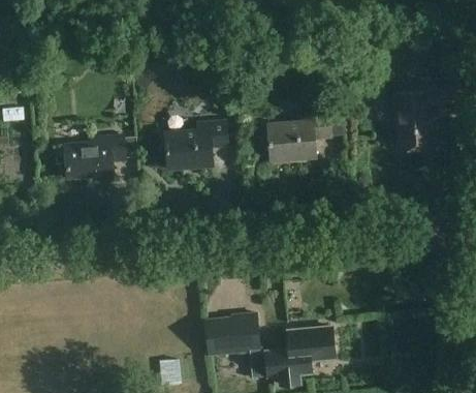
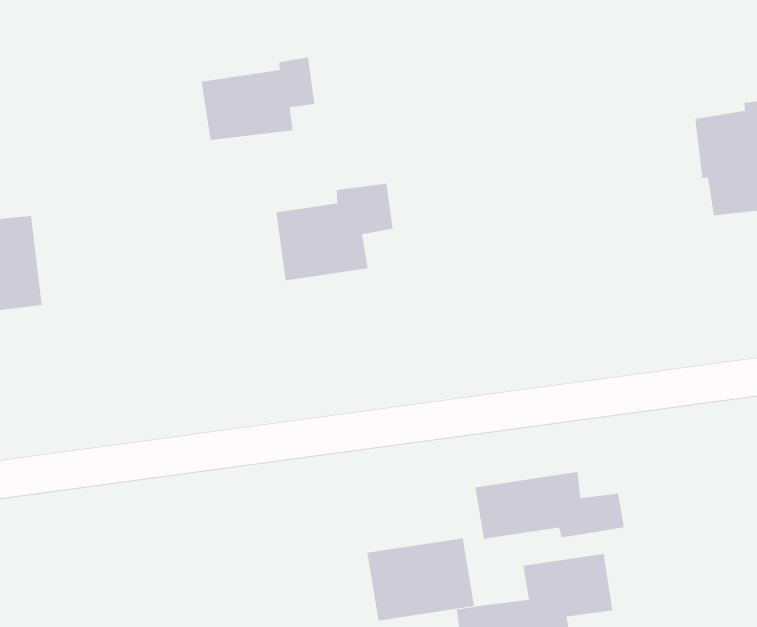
building: [267,111,341,160] -> none
building: [64,134,125,177] -> [201,57,315,141]
building: none -> [475,471,624,539]

